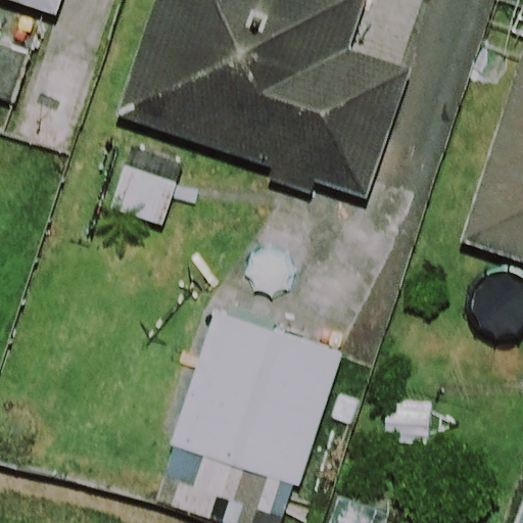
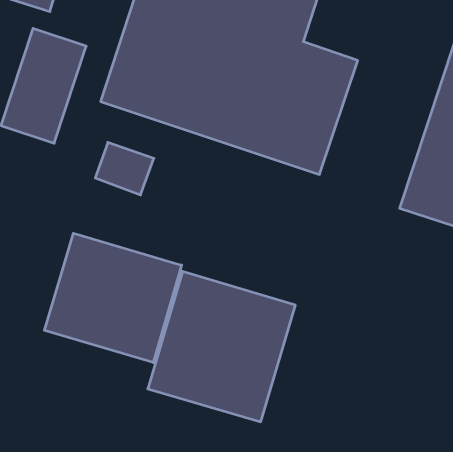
building: none -> [44,233,182,363]

